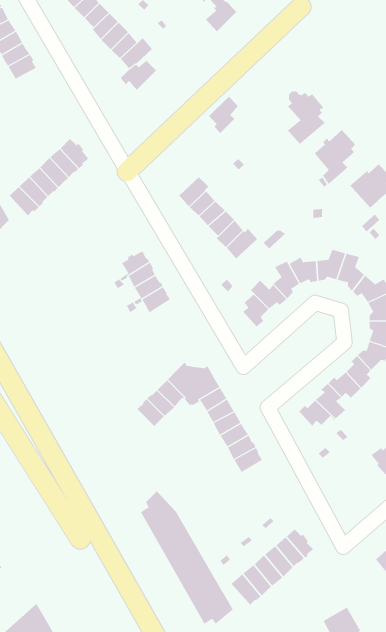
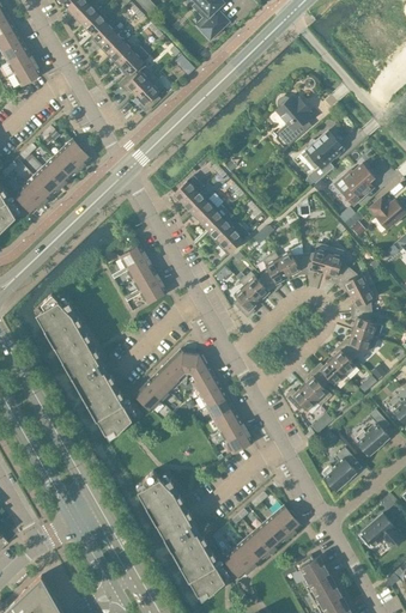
building: [208,96,239,134] -> [134,77,163,113]
building: none -> [36,295,132,435]
building: none -> [321,448,356,490]
building: none -> [292,554,332,593]

